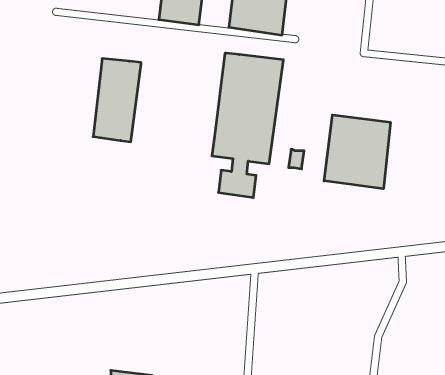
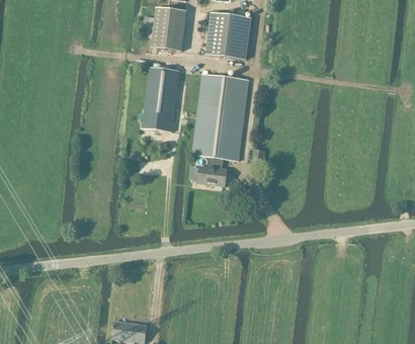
building: [93,59,141,142] -> [143,67,180,132]
building: [324,115,390,189] -> none

